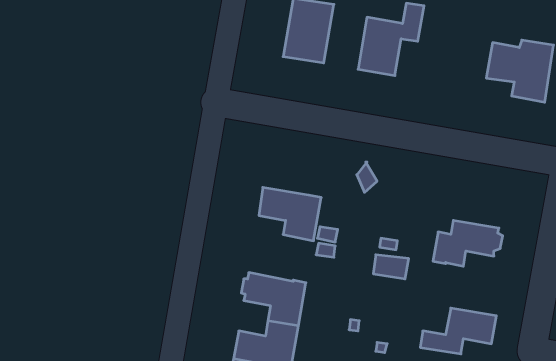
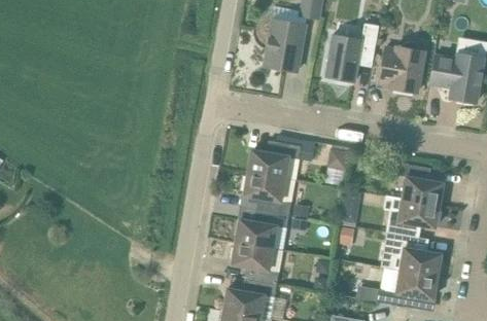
building: none -> [380,47,424,94]
building: none -> [248,142,301,179]
building: none -> [396,163,443,206]
building: none -> [237,211,289,249]
building: none -> [392,234,443,277]

